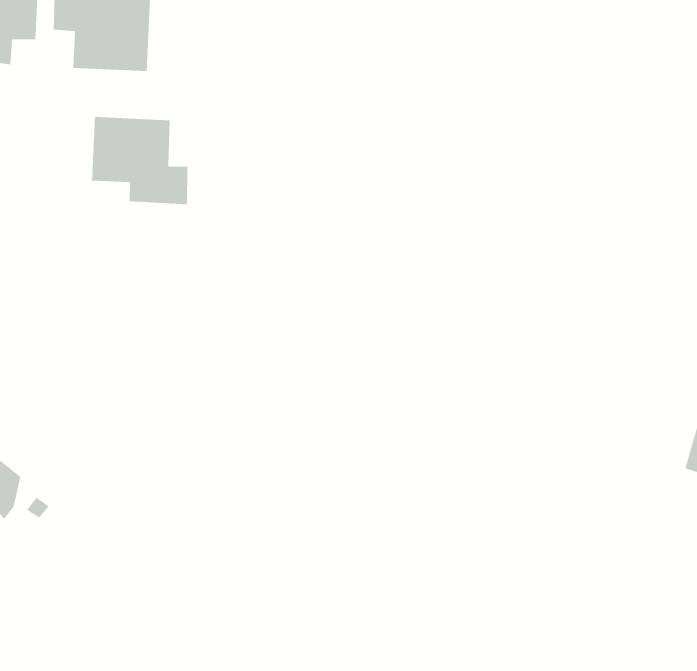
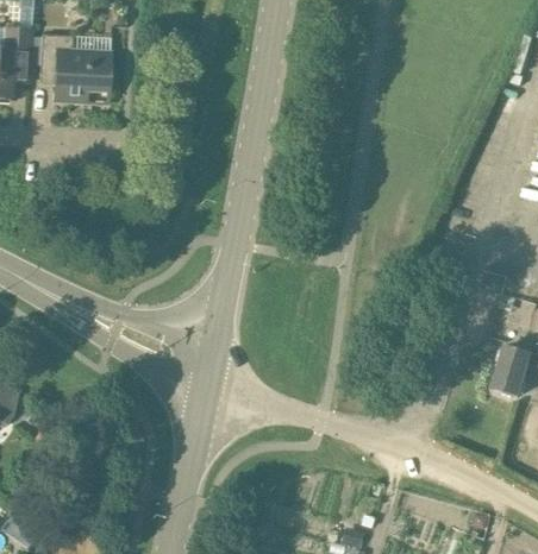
building: [92,116,188,205] -> none

